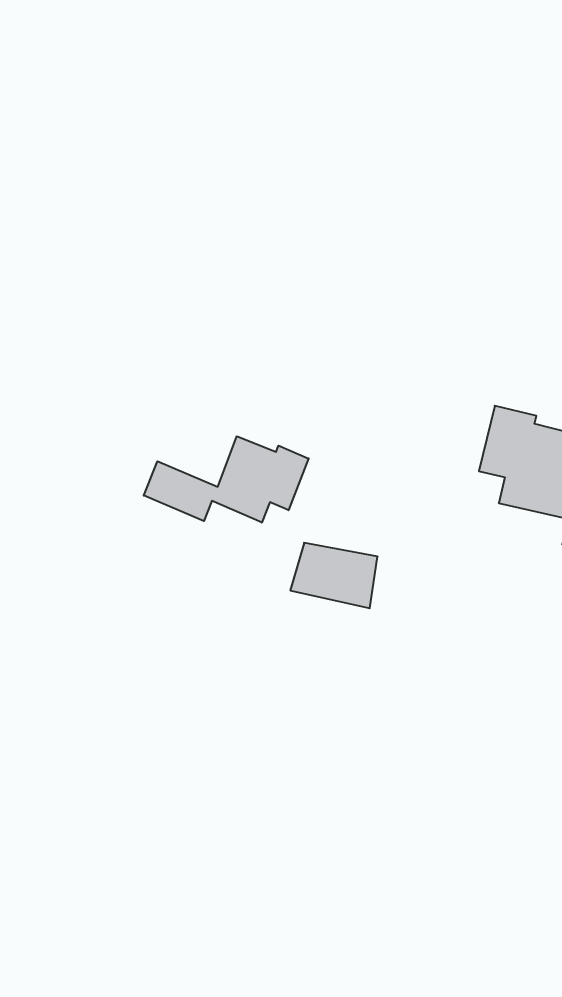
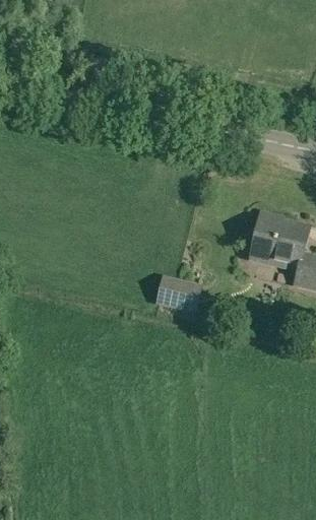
building: [144,436,309,523] -> none

